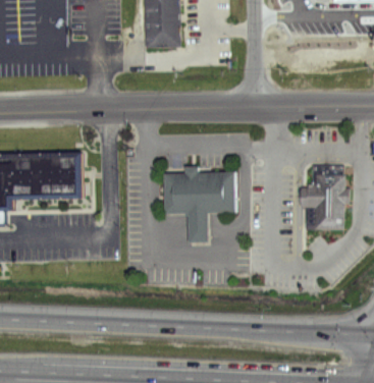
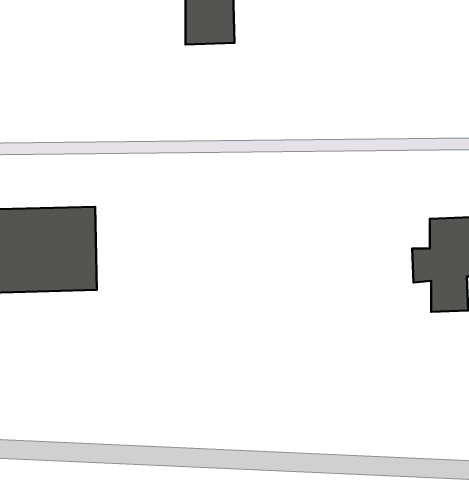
building: [164,162,234,238] -> none

